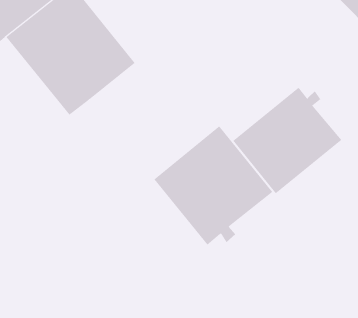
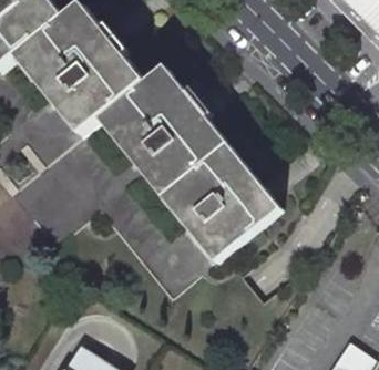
building: none -> [100,68,228,198]
building: [232,87,342,194] -> none

